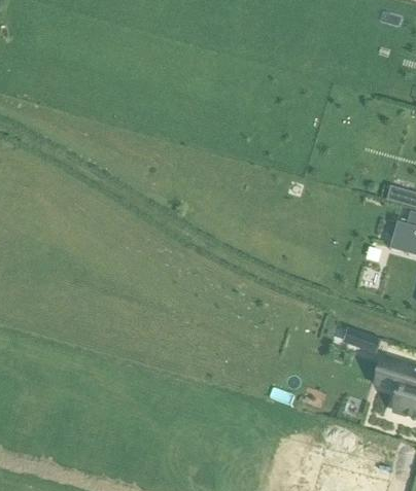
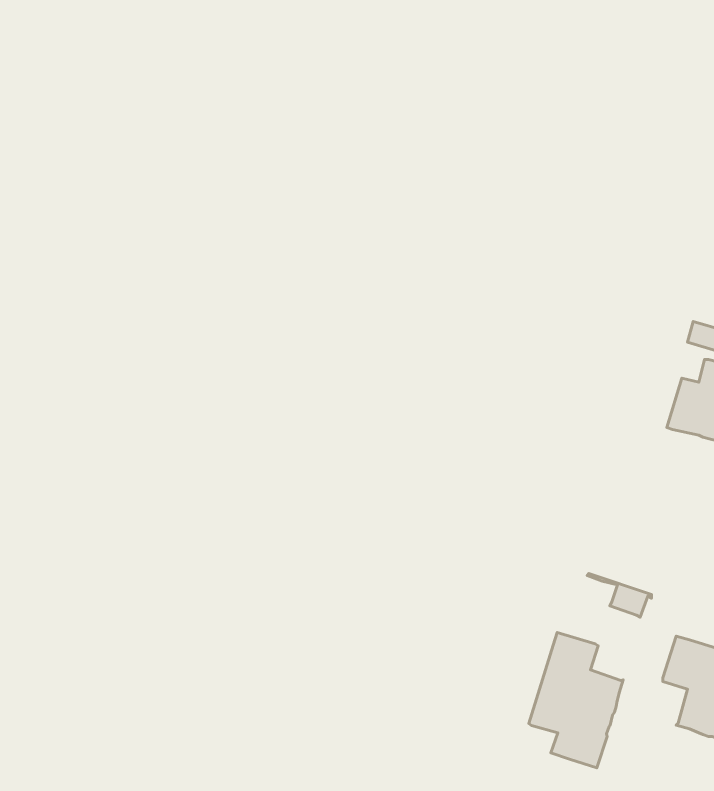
building: none -> [529,632,623,768]

